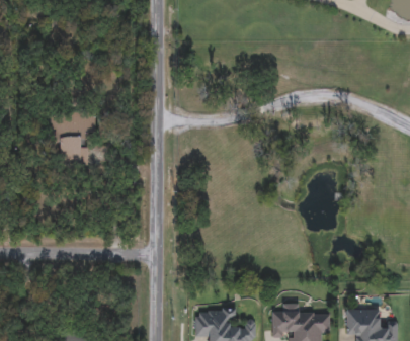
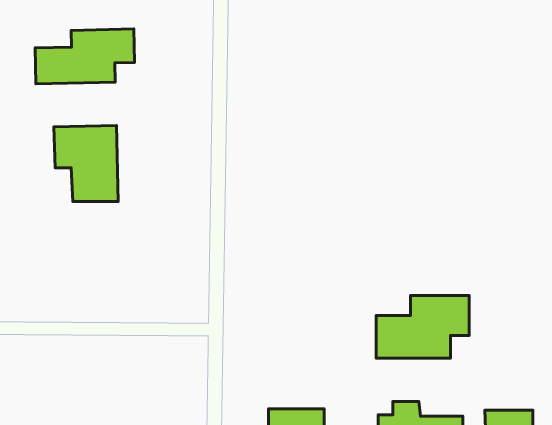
building: none -> [35,29,134,84]
building: none -> [376,295,469,358]

